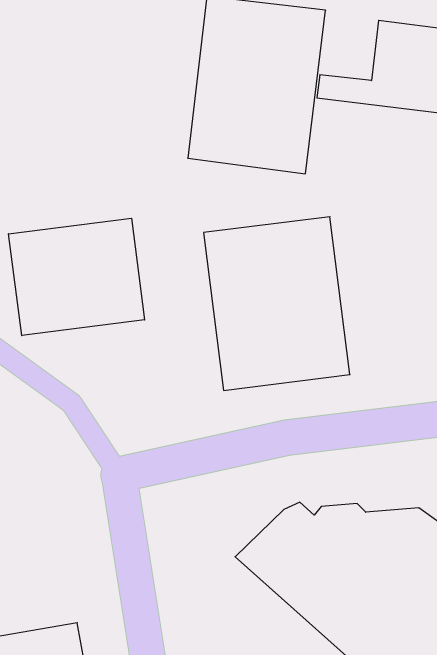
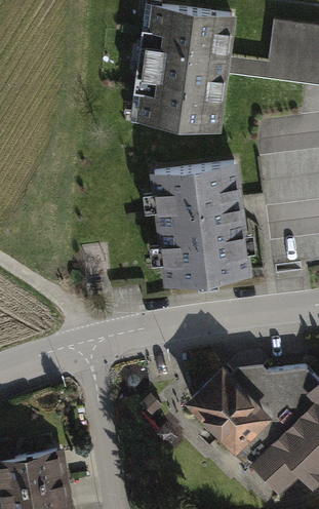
building: [9,218,145,336] -> none

